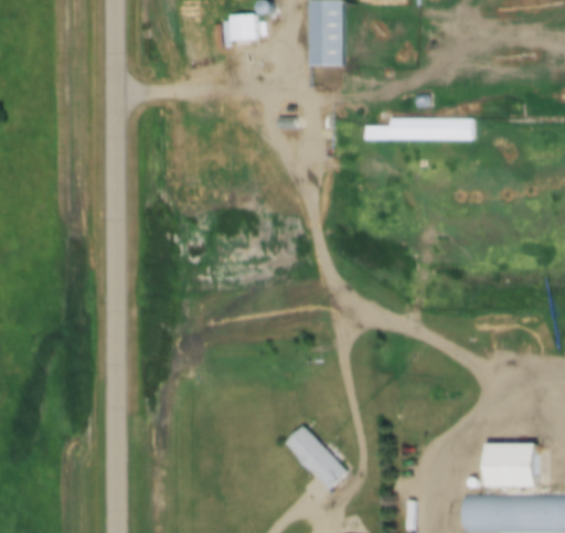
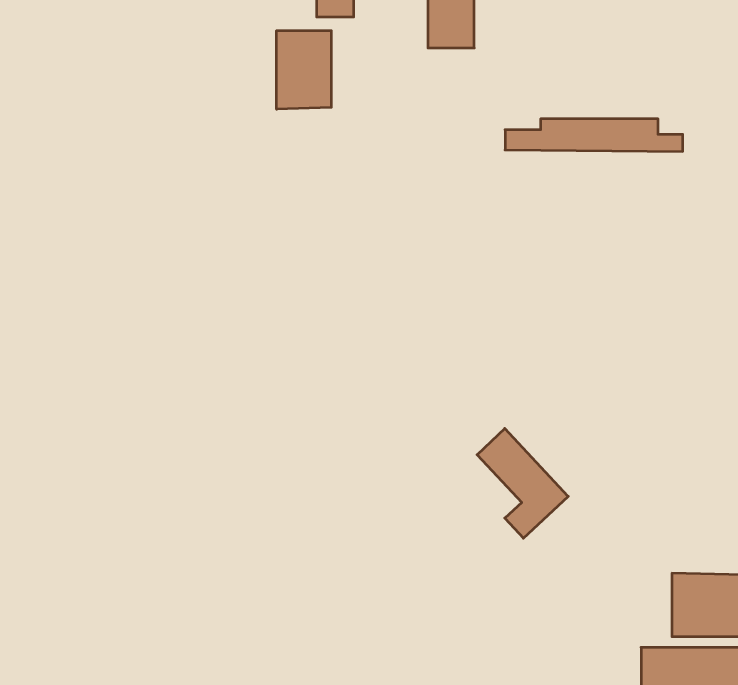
building: none -> [277,31,331,109]
building: [284,425,349,503] -> [477,428,568,538]

